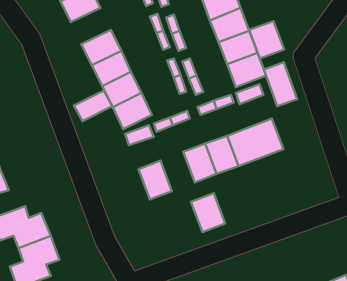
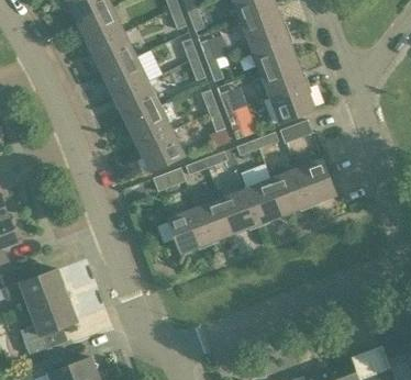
building: none -> [90,32,136,74]
building: [249,21,284,58] -> none
building: [264,62,297,106] -> none
building: [74,90,112,121] -> none
building: [191,193,225,232] -> [193,198,233,243]

